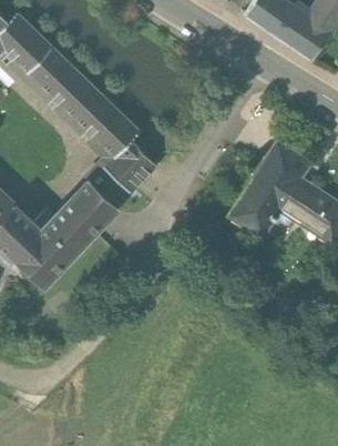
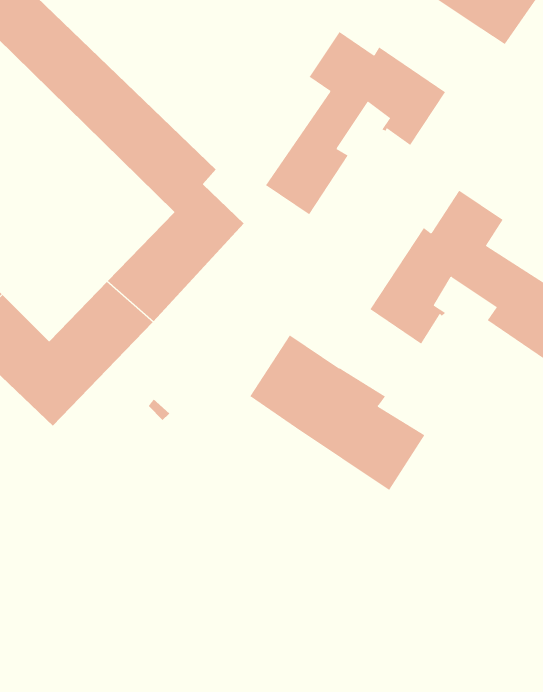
building: none -> [265,31,446,215]
building: none -> [250,335,425,491]

